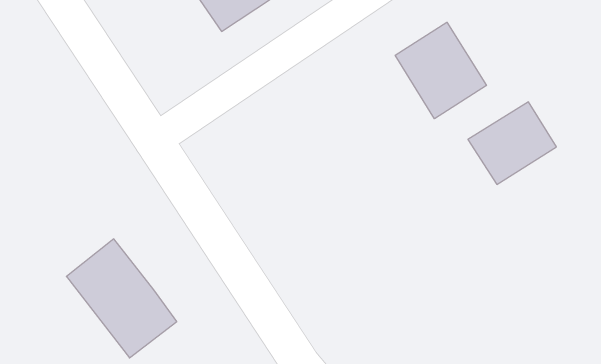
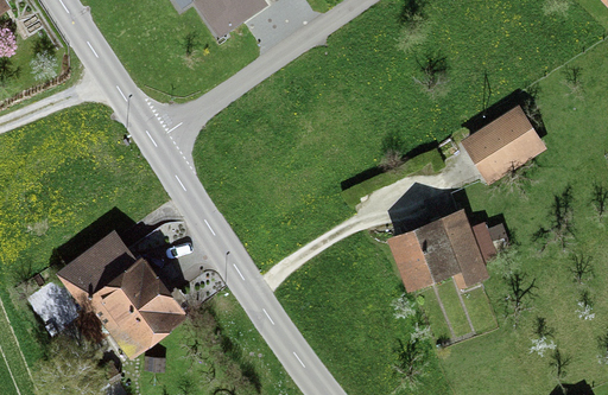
building: [395,22,486,119] -> none
building: none -> [397,217,500,286]

